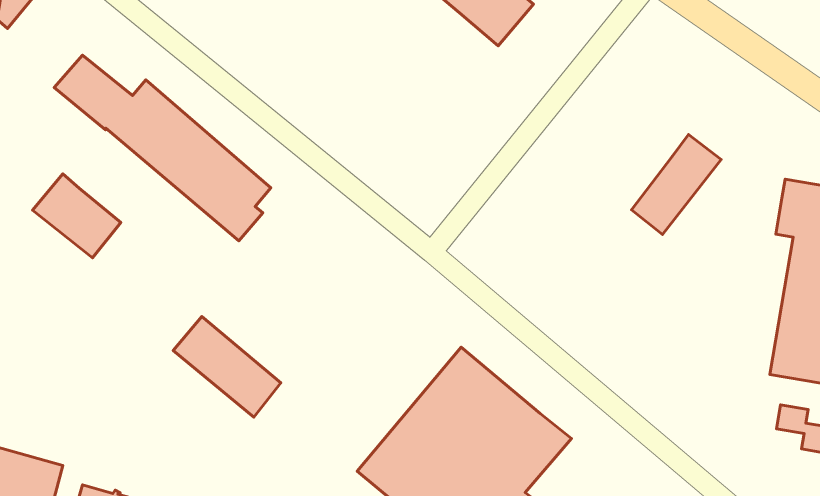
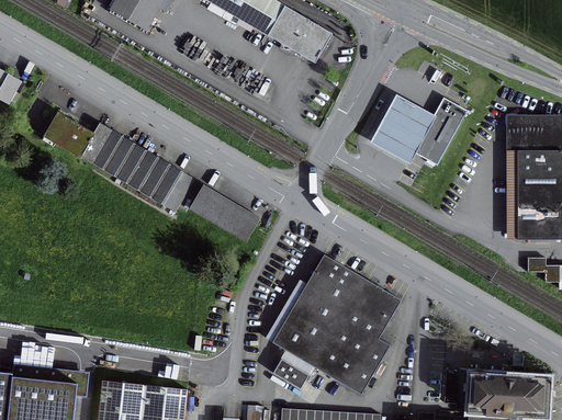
building: none -> [369,94,434,162]
building: [33,174,121,258] -> none
building: [173,316,281,417] -> [189,185,259,242]

